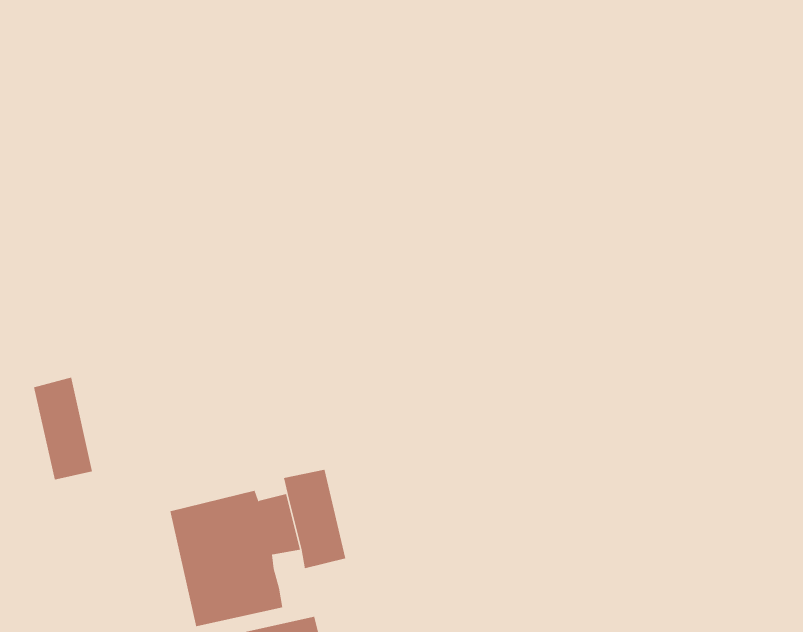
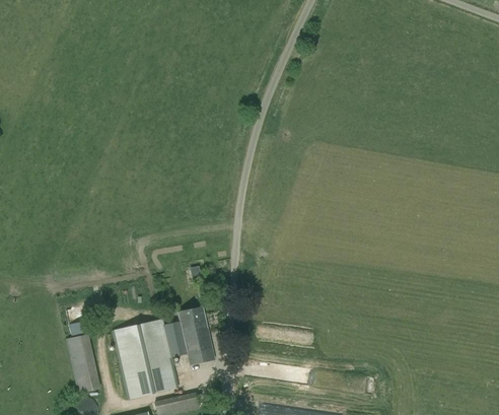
building: [33,377,93,480] -> [67,333,101,393]

